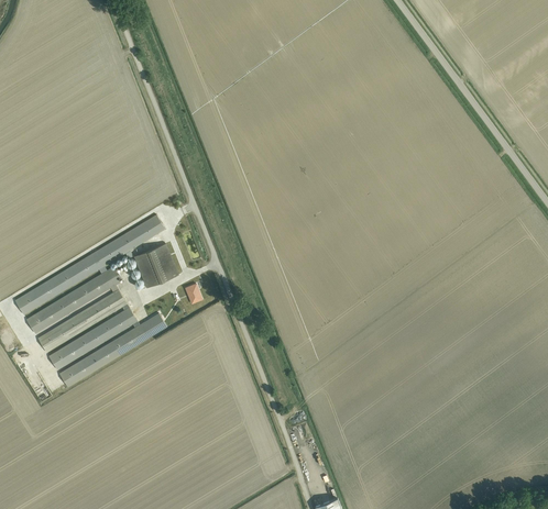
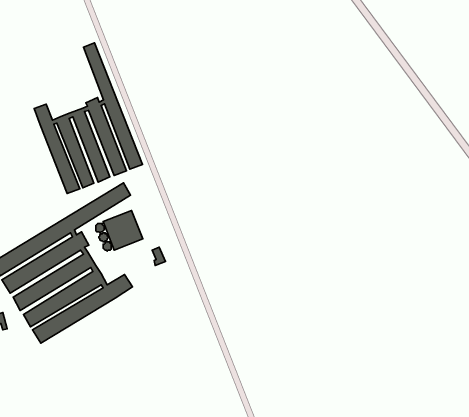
building: none -> [34,43,142,194]

